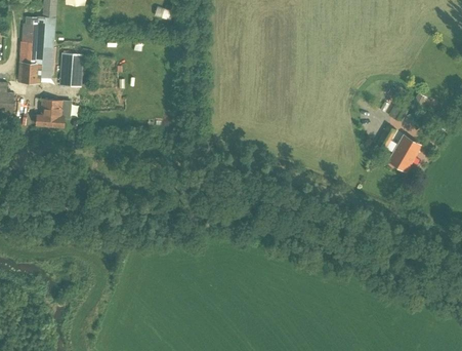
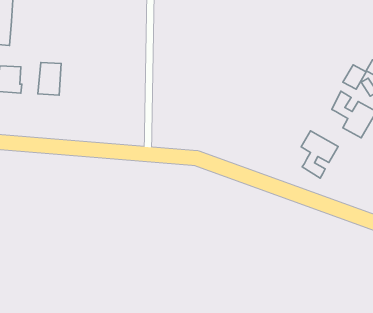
building: [59,53,83,86] -> [38,63,61,95]
building: none -> [301,131,338,178]

